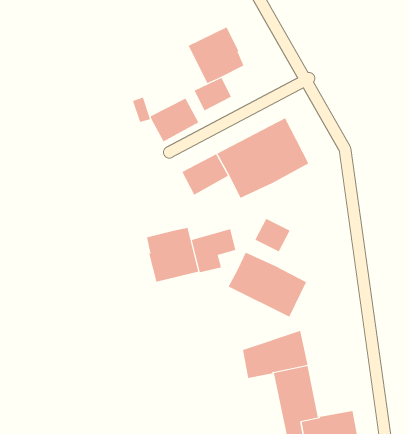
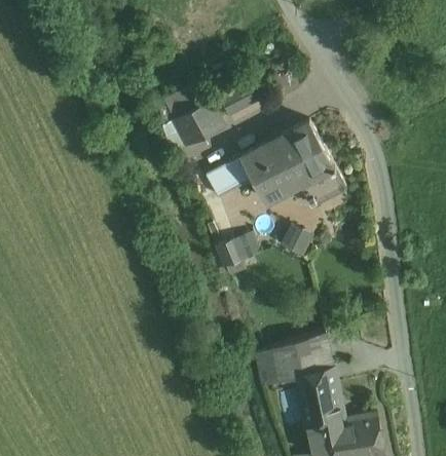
building: [188,26,244,84] -> none
building: none -> [297,167,344,208]
building: [147,227,199,283] -> none
building: [228,252,307,318] -> none

